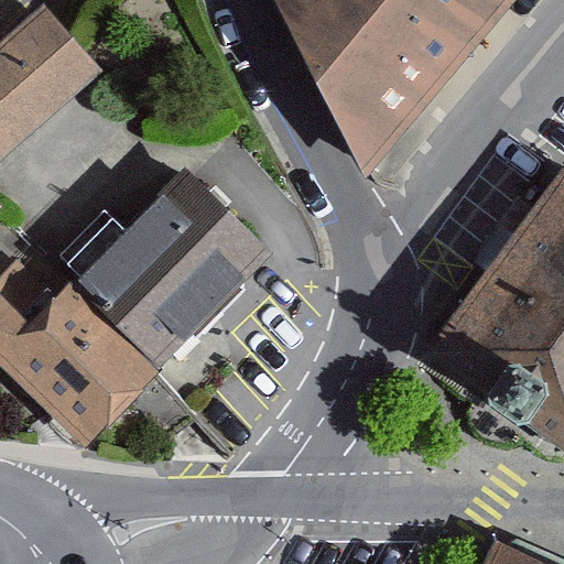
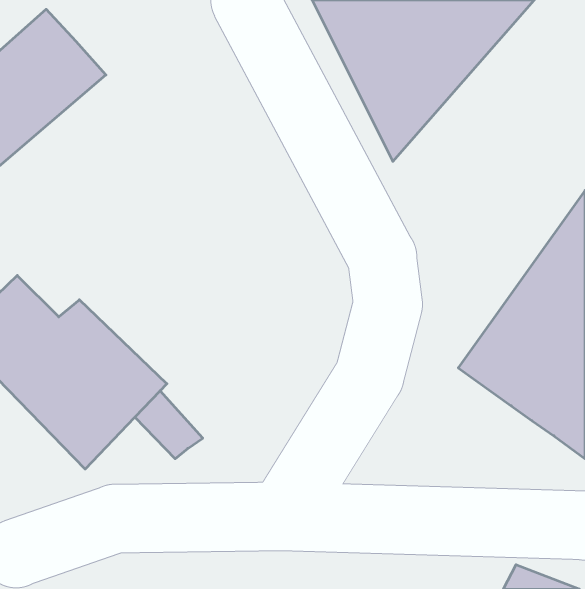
building: [76,171,272,367] -> none

